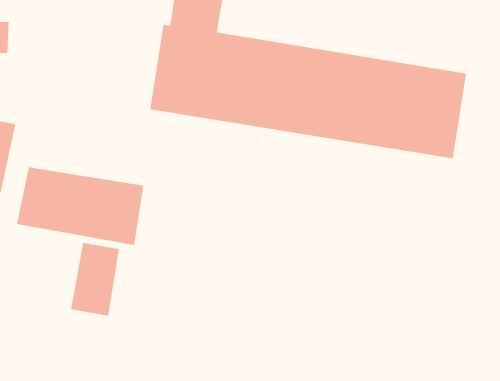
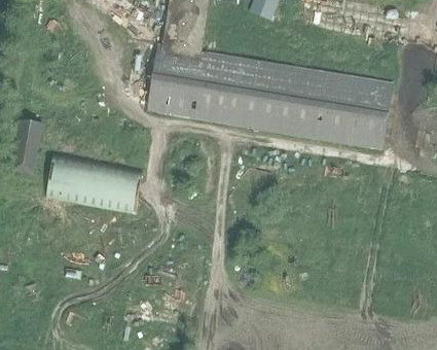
building: [70,242,120,317] -> none

